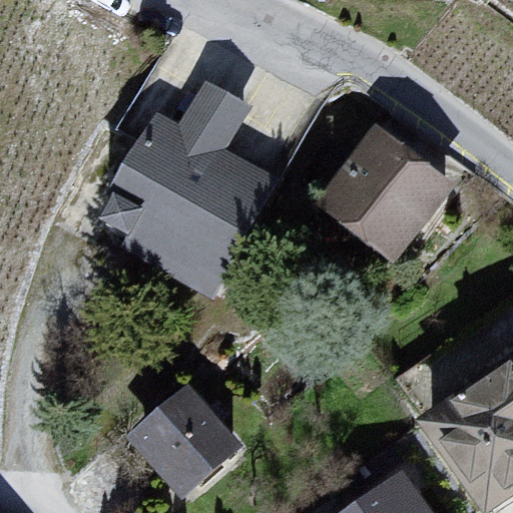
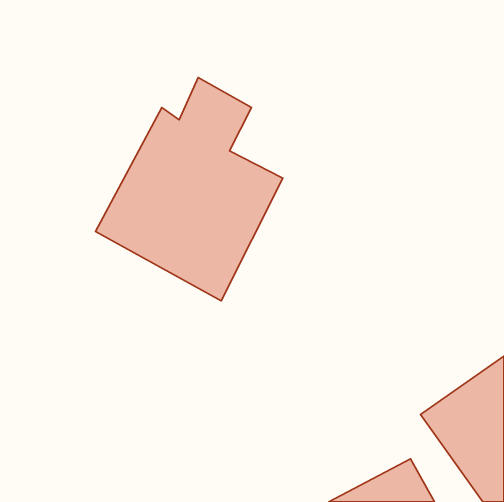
building: [317,129,453,265] -> none
building: [121,388,236,493] -> none

